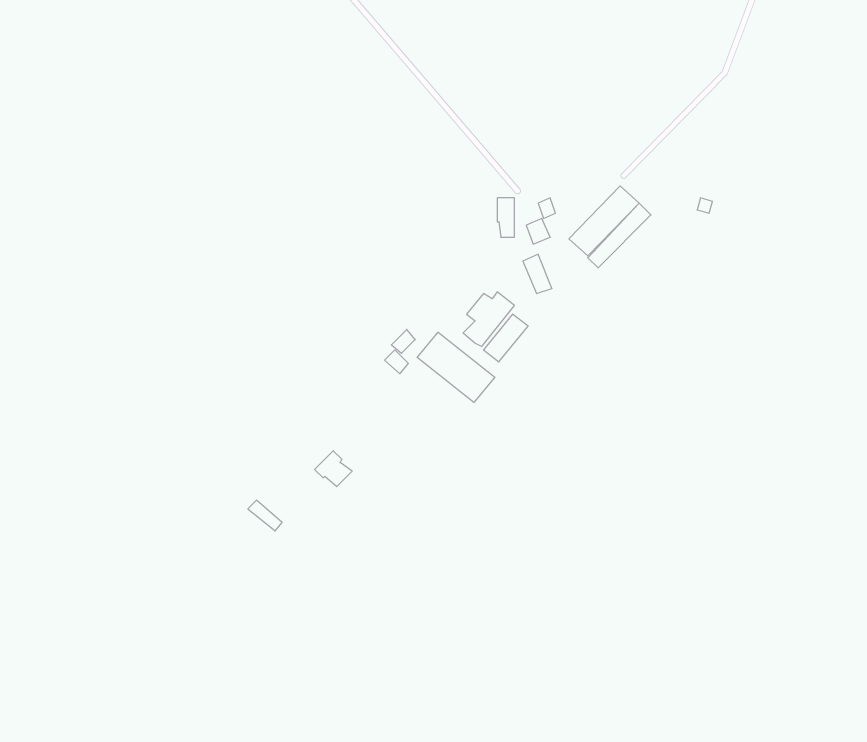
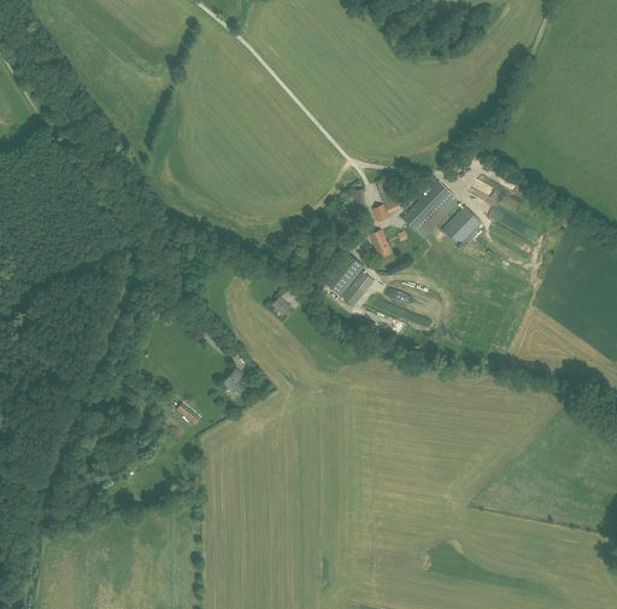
building: none -> [441,205,482,246]
building: [417,332,495,402] -> none

